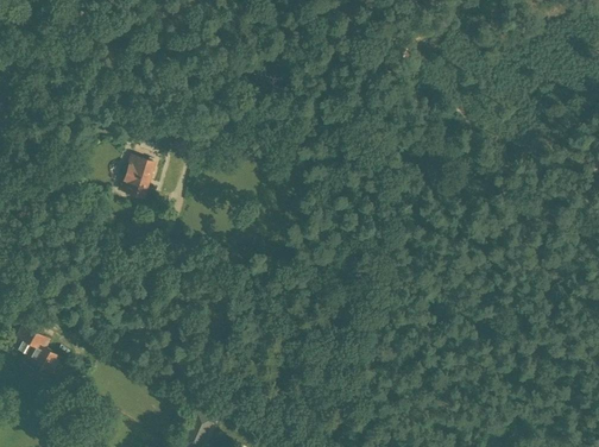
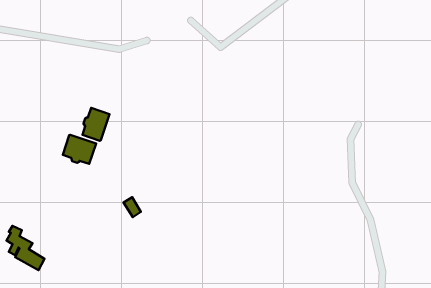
building: none -> [63,135,96,164]

